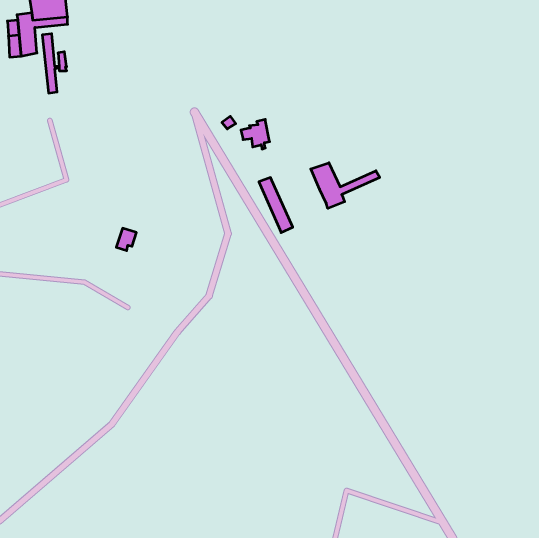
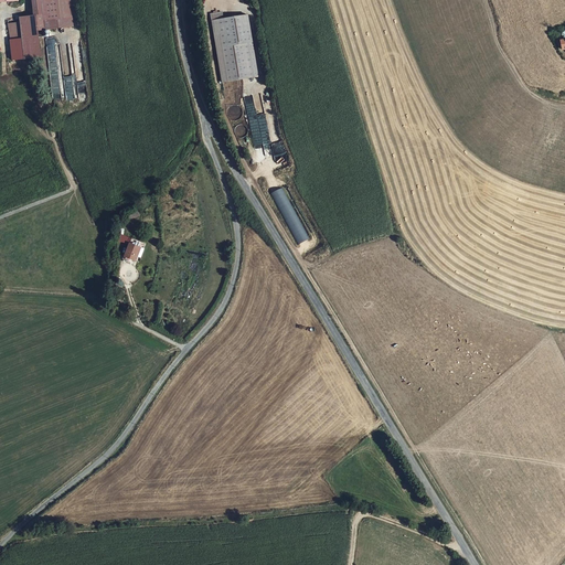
building: none -> [211,10,259,79]
building: [311,163,380,208] -> none

